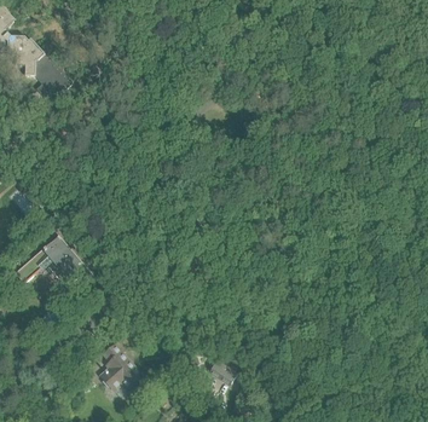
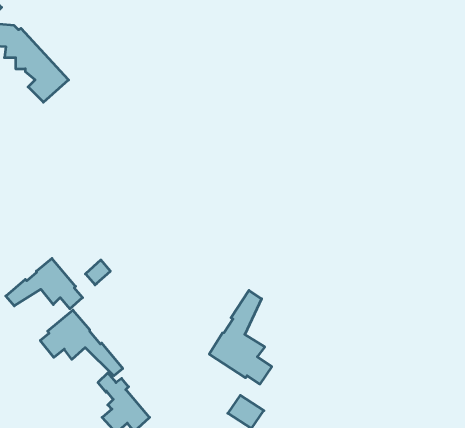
building: none -> [209,290,272,384]
building: none -> [40,310,123,376]

